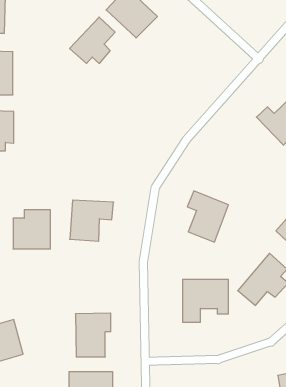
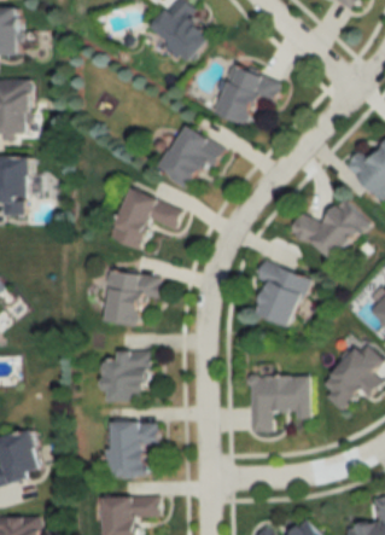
building: [70,17,115,63] -> none
building: none -> [215,65,279,126]
building: none -> [157,124,221,192]
building: none -> [109,187,181,250]
building: none -> [290,199,368,264]
building: [13,210,50,249] -> [101,349,150,400]

